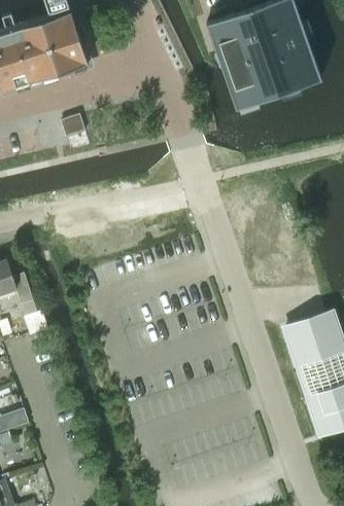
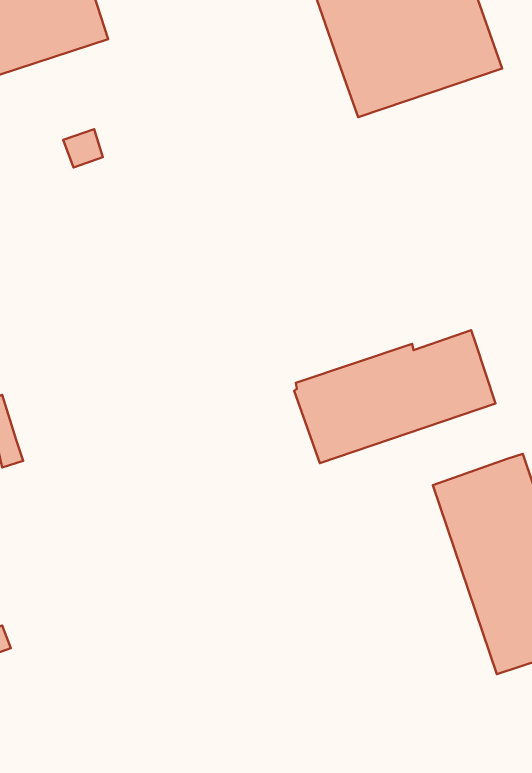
building: none -> [294,330,495,463]

